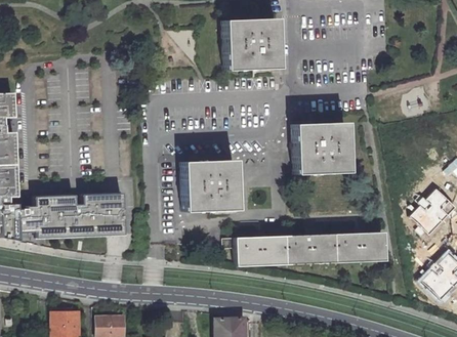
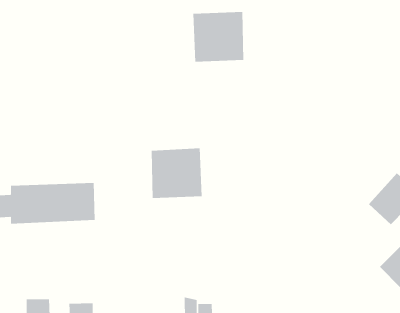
building: [292,122,346,173] -> none
building: [222,229,383,264] -> none

